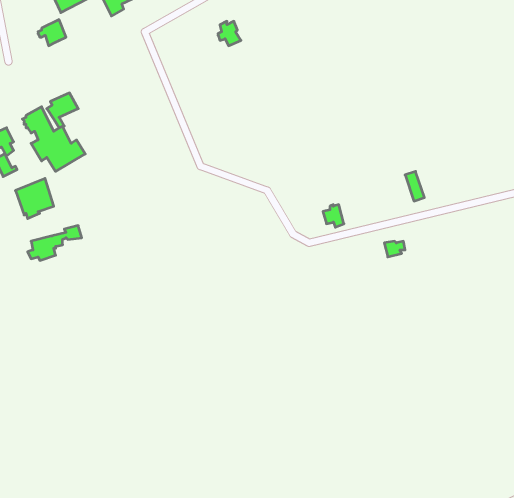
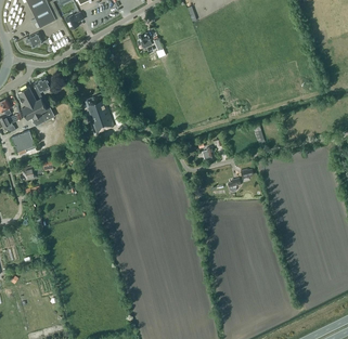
building: none -> [85,94,114,133]

